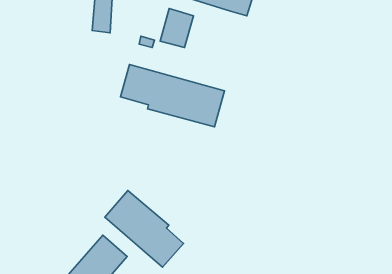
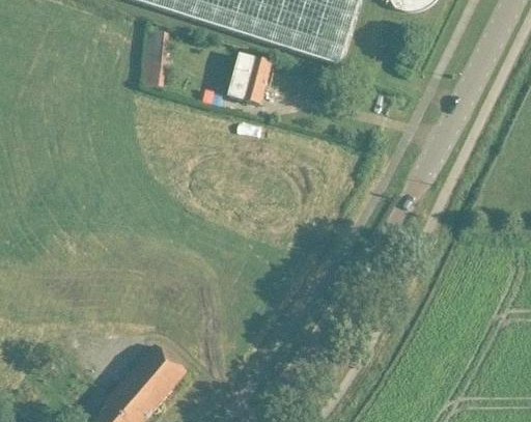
building: [121,65,224,127] -> none
building: [105,190,183,267] -> none

